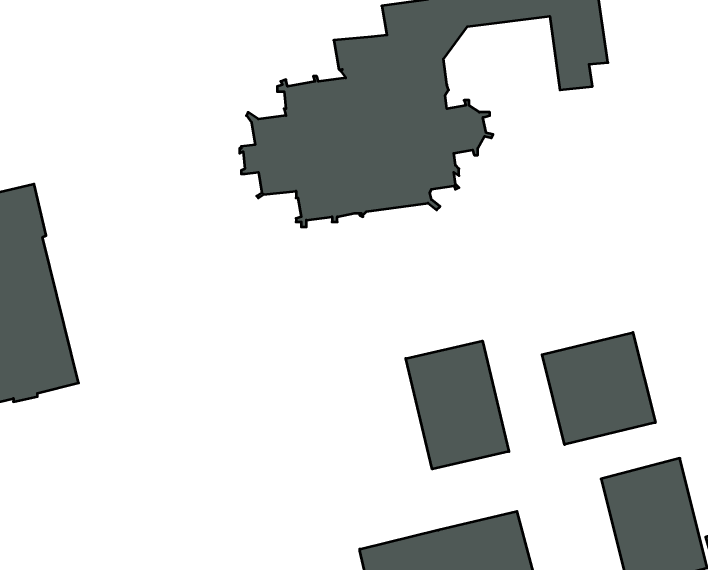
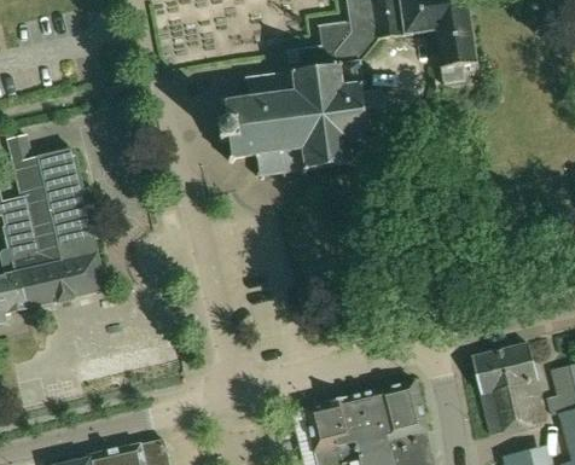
building: [542,332,655,445] -> none
building: [406,341,509,469] -> none

